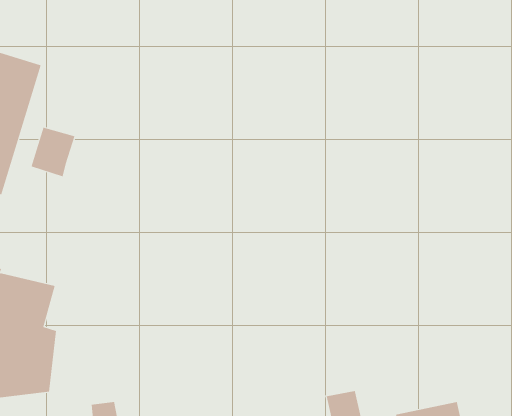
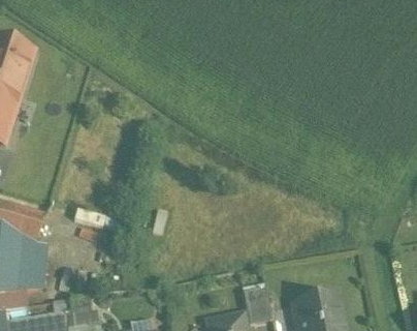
building: [31,127,75,177] -> none

